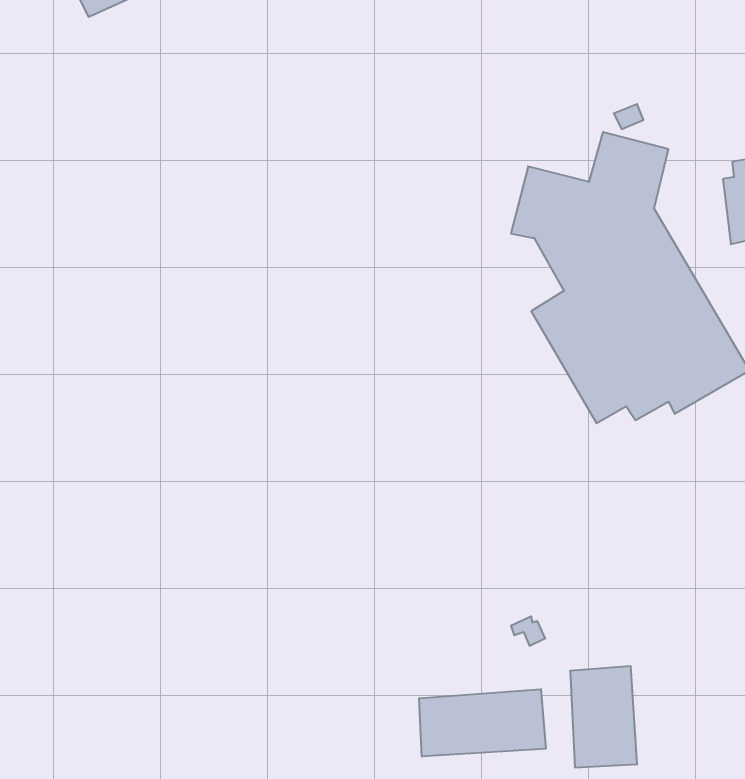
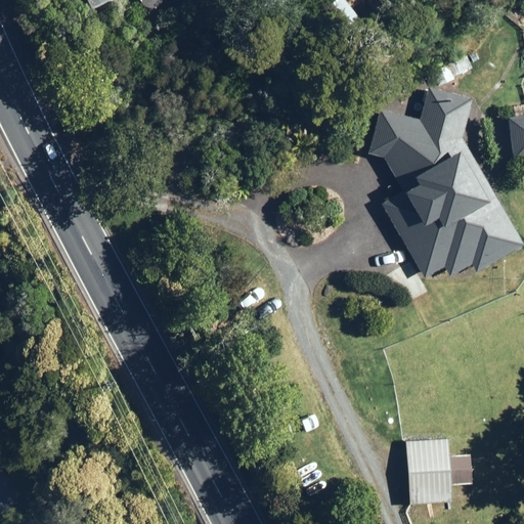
building: [419,689,546,757] -> none

